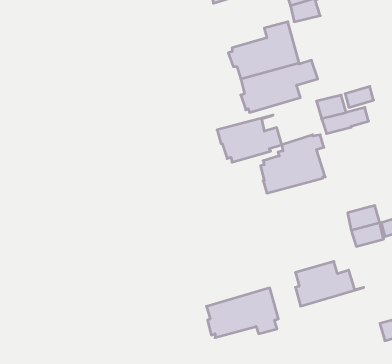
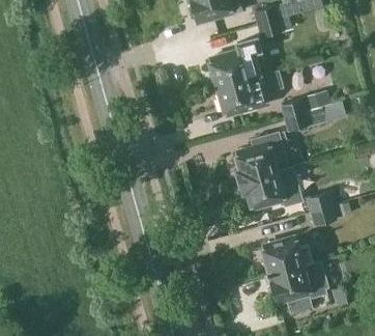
building: [217,115,282,162] -> [239,169,293,208]
building: [206,288,278,338] -> [267,260,327,302]

